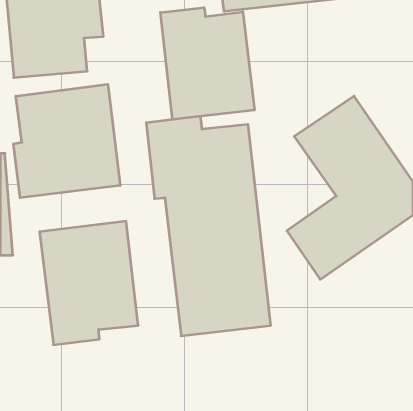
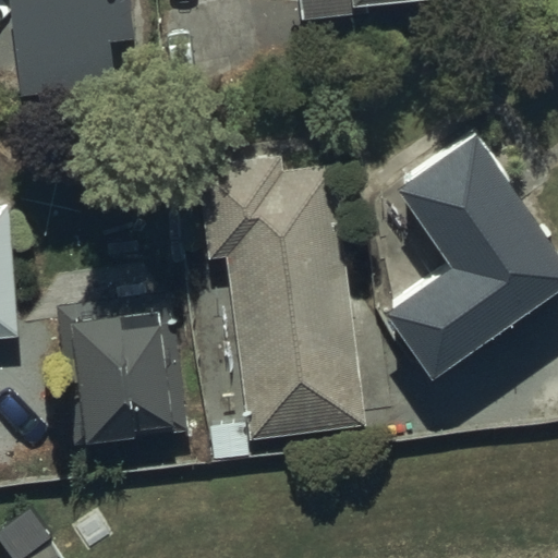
building: [160,8,254,119] -> none
building: [14,84,120,198] -> none

